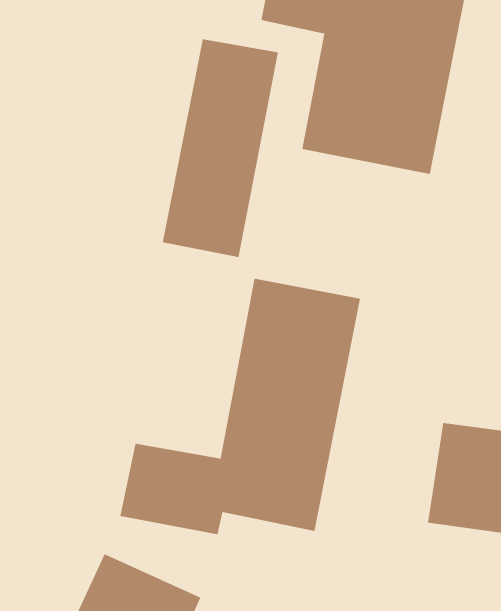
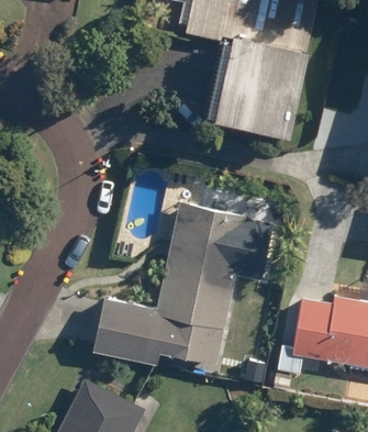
building: [162,38,279,258] -> none

